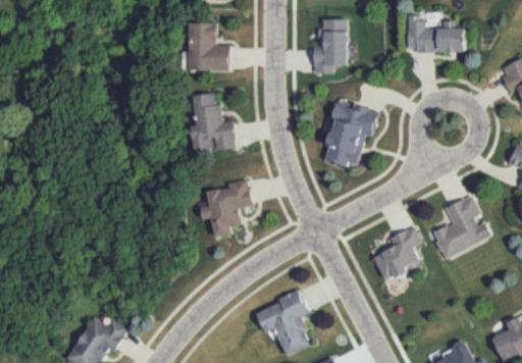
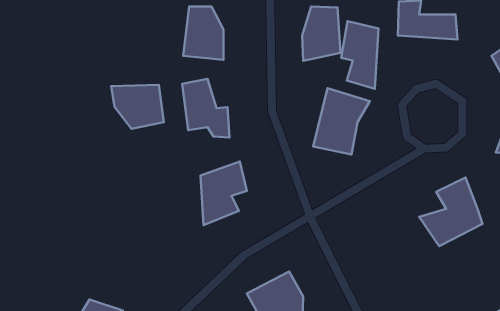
building: none -> [341,21,379,89]
building: none -> [111,85,164,129]
building: [370,224,423,280] -> none

